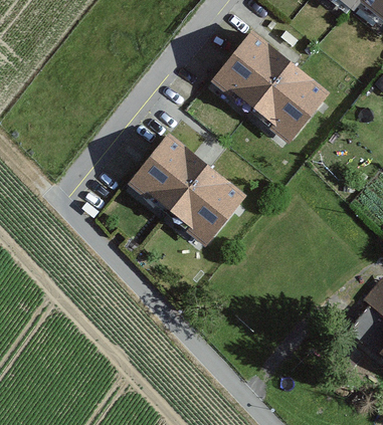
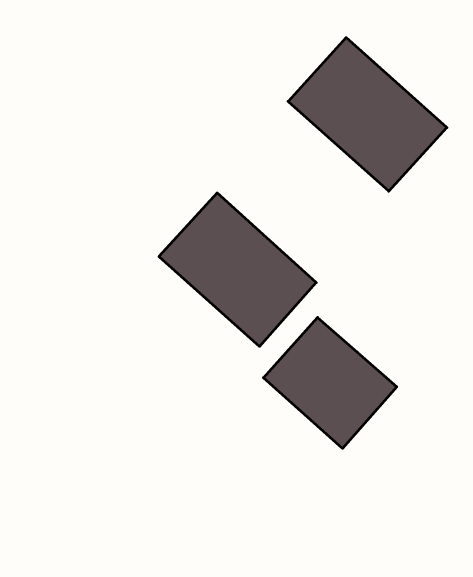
building: none -> [263,317,397,448]

